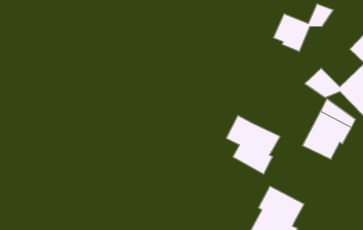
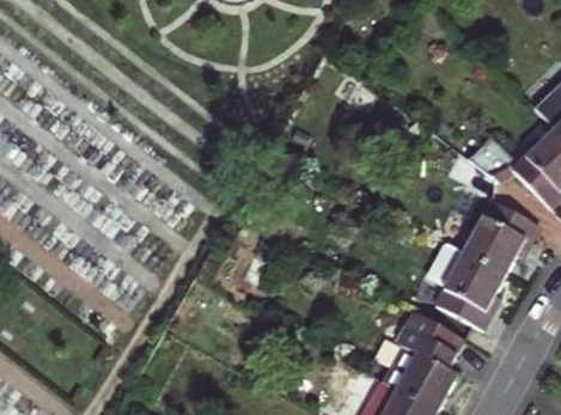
building: [274,4,333,52] -> none
building: [226,115,280,174] -> [426,240,505,326]

